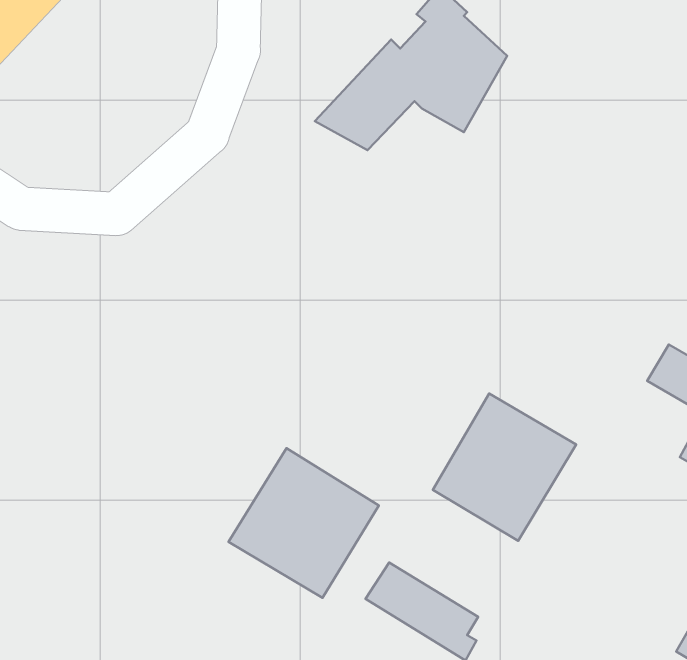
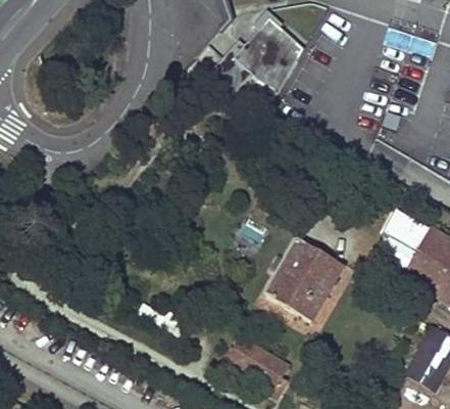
building: [229,448,379,598] -> none

